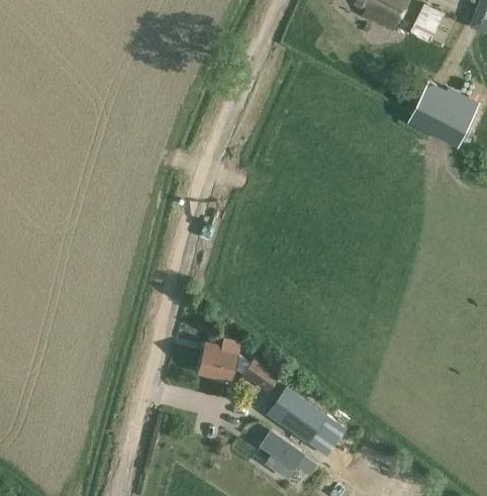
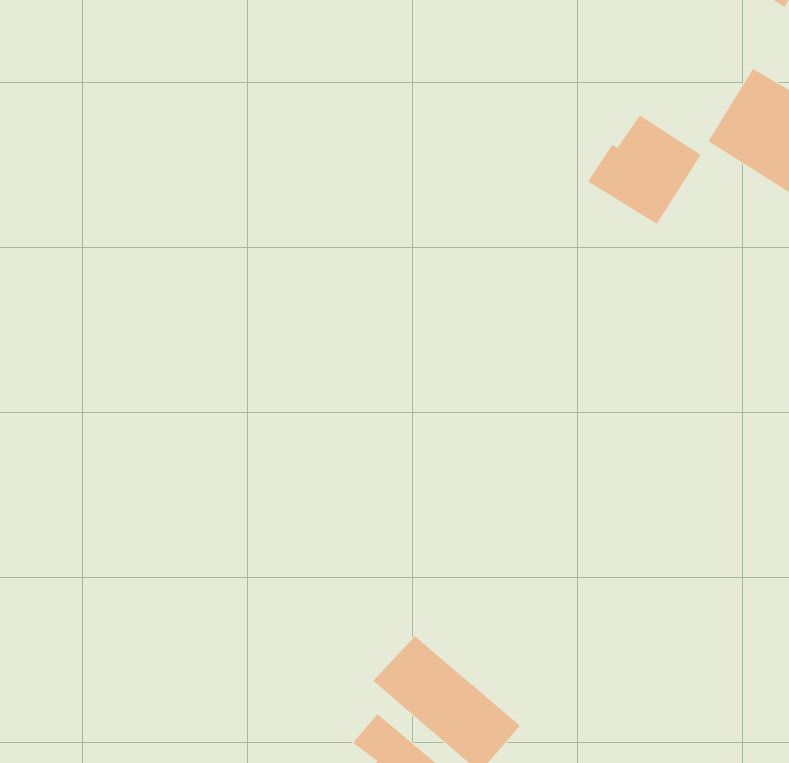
building: none -> [587,115,701,225]
building: [200,340,281,391] -> none

